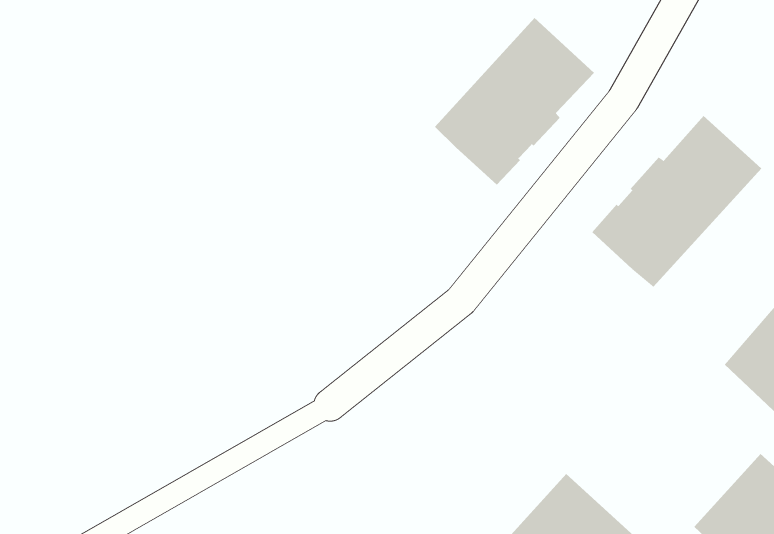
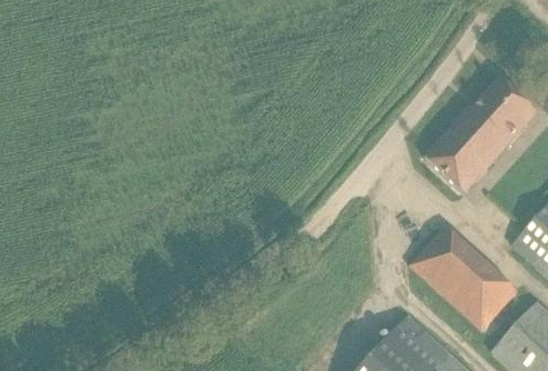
building: [434,17,595,185] -> none
building: none -> [409,224,516,329]

